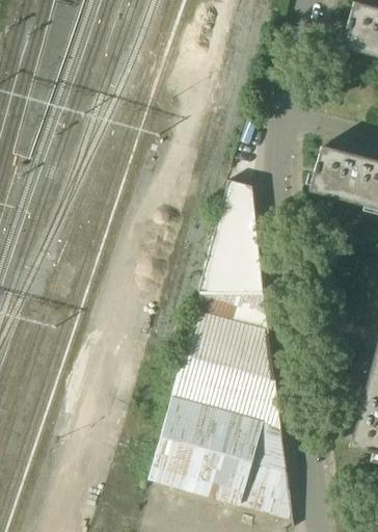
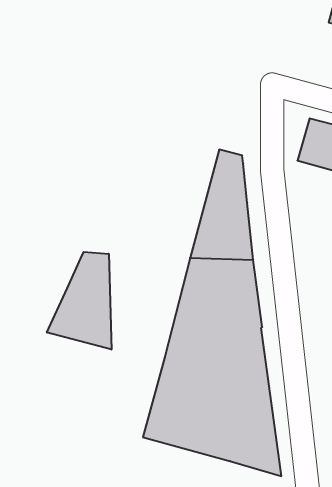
building: none -> [47,252,111,350]

